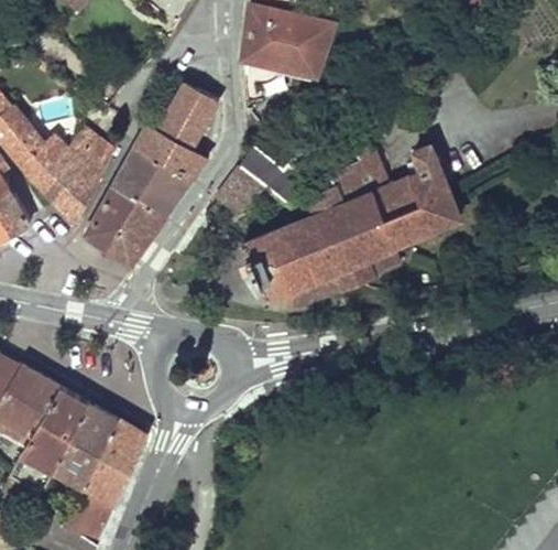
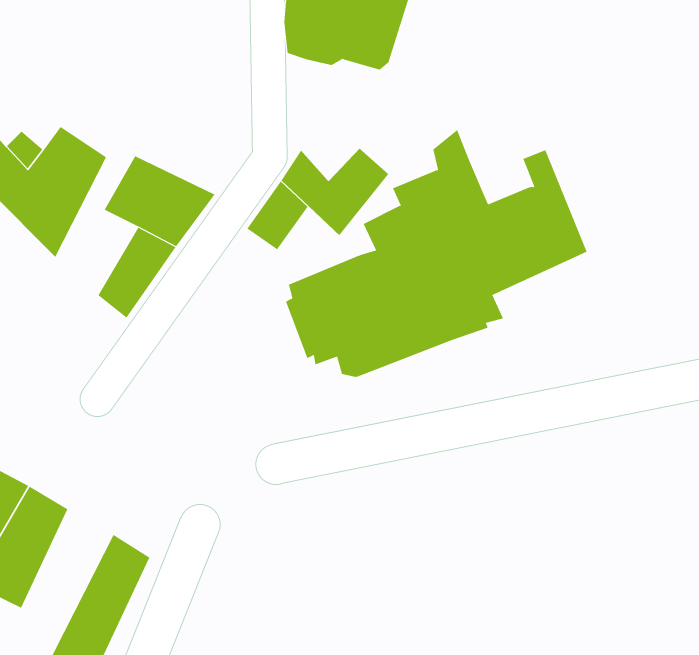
building: [135,83,216,179] -> none
building: [88,190,138,250] -> none
building: [55,402,120,489] -> none

